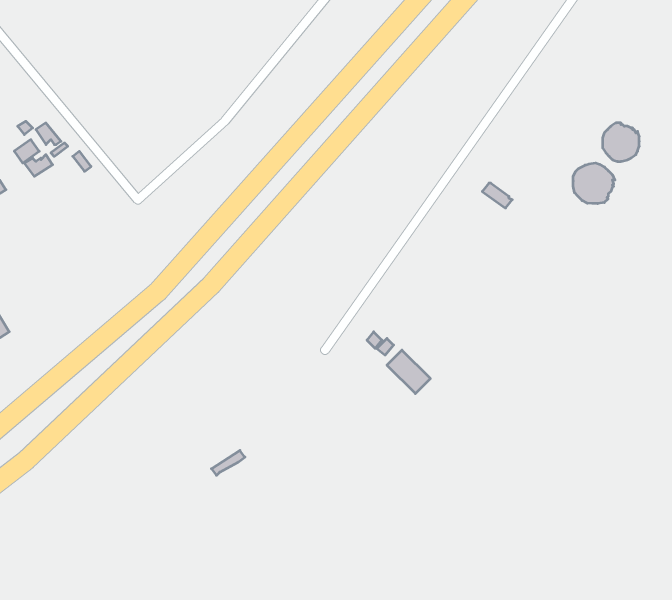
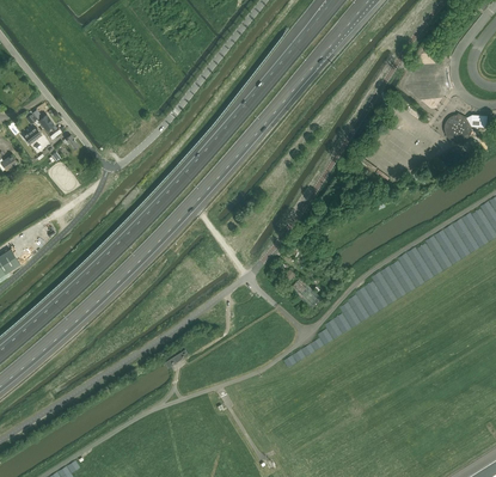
building: [573,163,615,204] -> none

